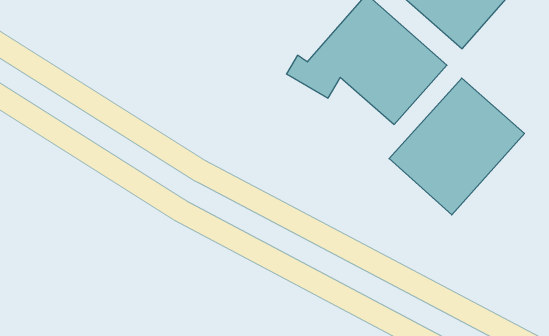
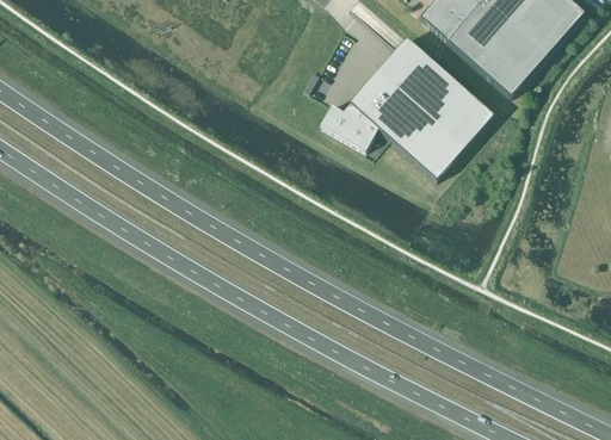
building: [389,78,524,215] -> none

